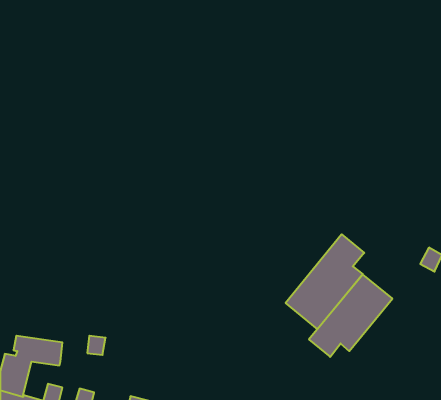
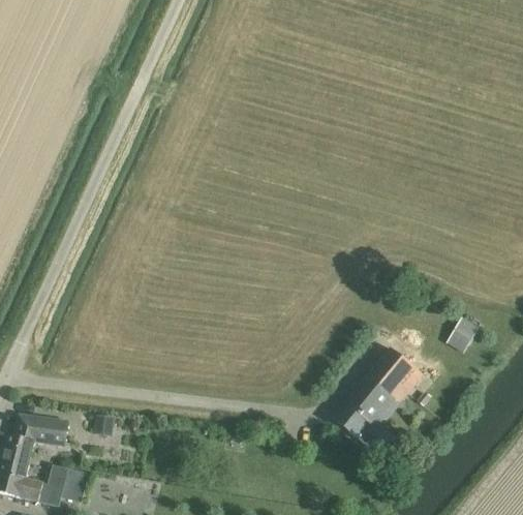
building: [286,234,364,329] -> none

